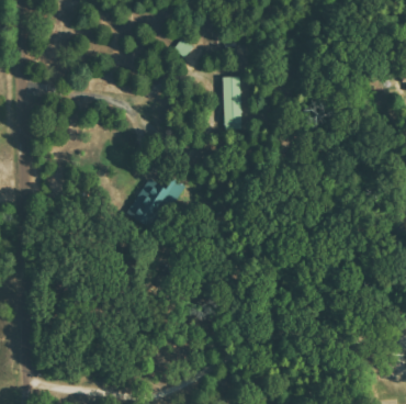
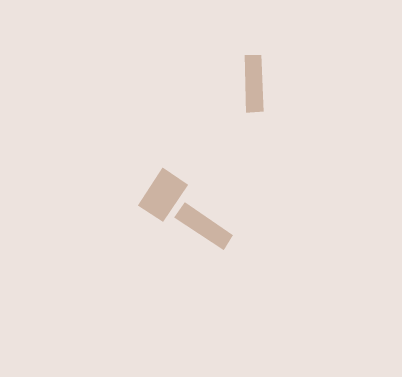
building: none -> [173,201,234,251]

